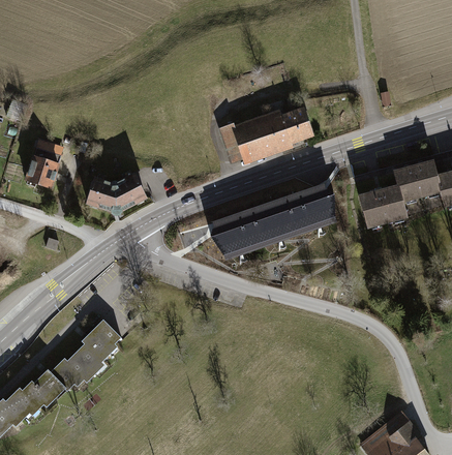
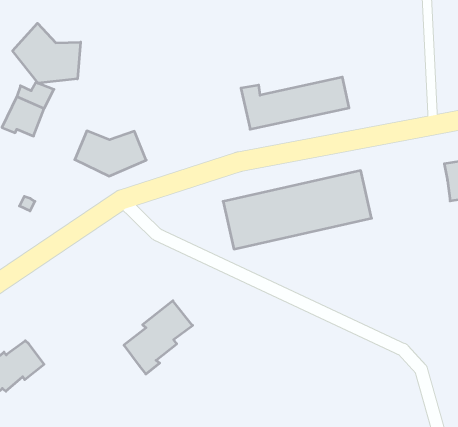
building: none -> [13,23,81,83]
building: [358,184,404,228] -> none
building: [66,316,121,380] -> [124,301,193,374]

